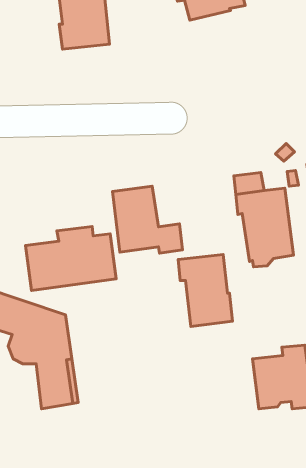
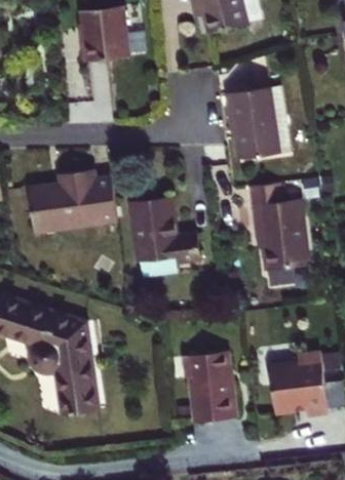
building: none -> [228,86,290,159]
building: [25,227,116,290] -> [29,169,118,232]
building: [178,254,233,327] -> [183,352,236,423]

